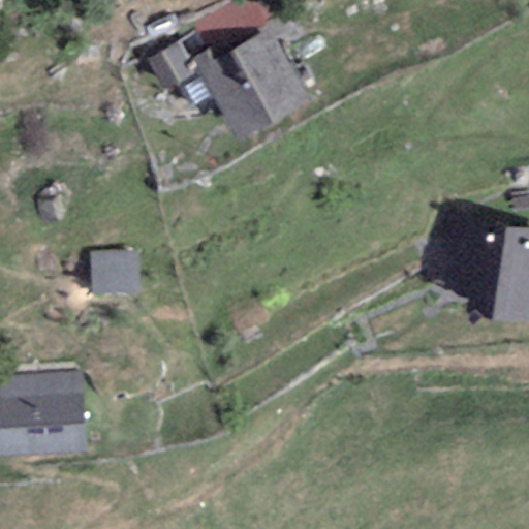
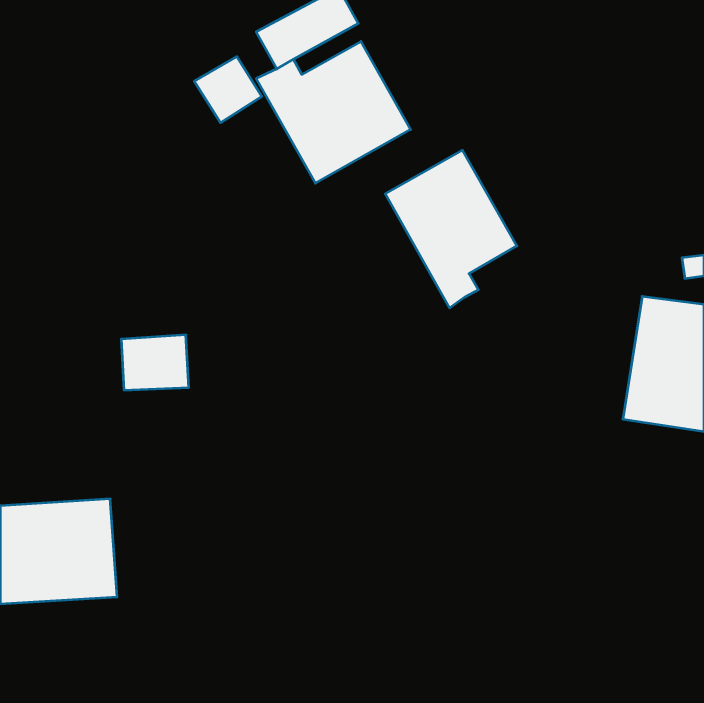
building: none -> [385,150,517,308]

